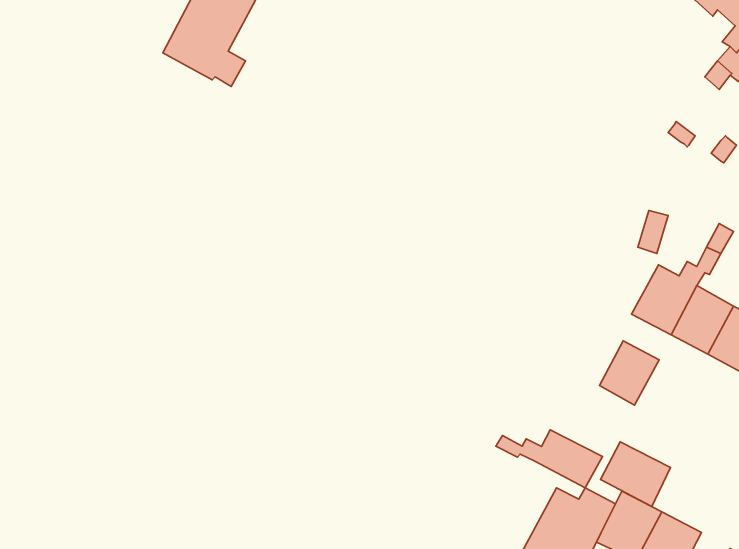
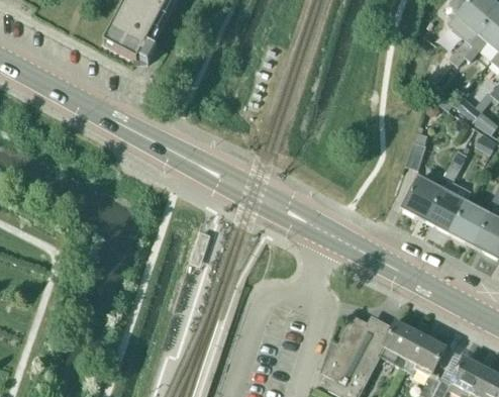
building: [599,341,659,405] -> none
building: [496,430,602,488] -> none
building: [600,442,671,507] -> none

